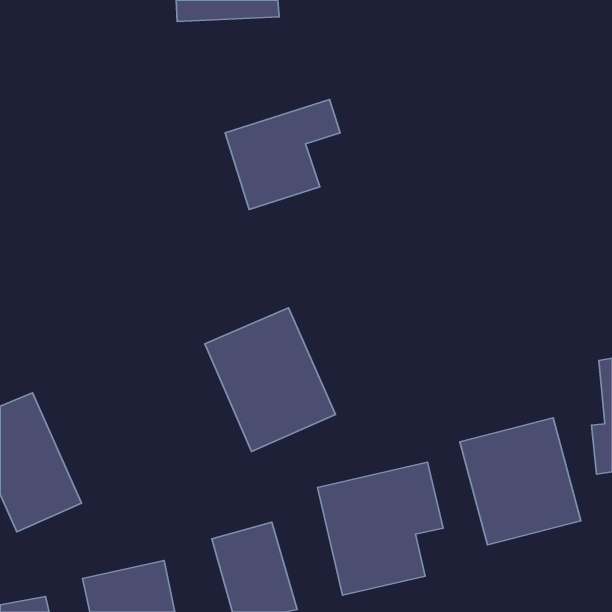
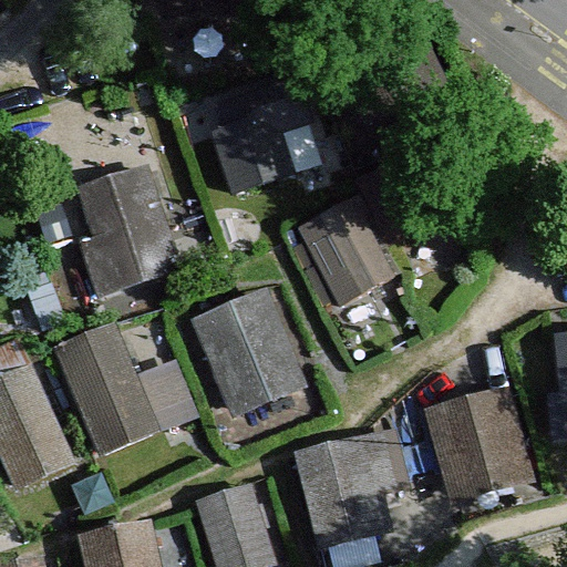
building: none -> [76,161,185,299]
building: none -> [297,196,395,306]
building: none -> [54,322,199,457]

